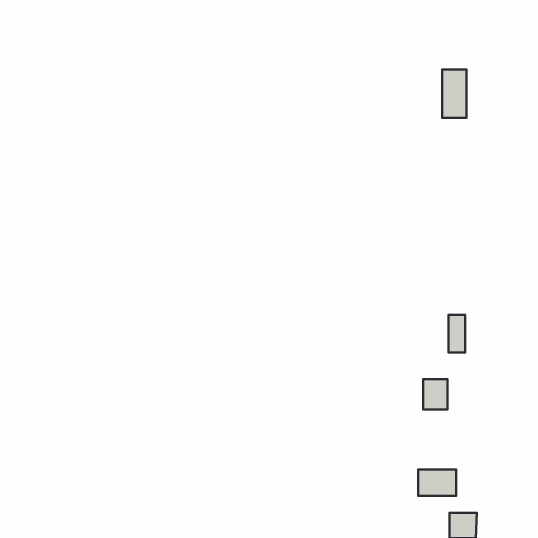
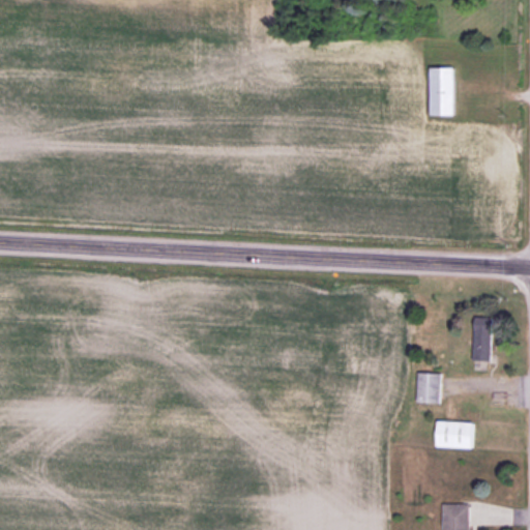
building: [448,315,465,353] -> [473,323,490,360]
building: [418,469,456,496] -> [436,421,473,447]

